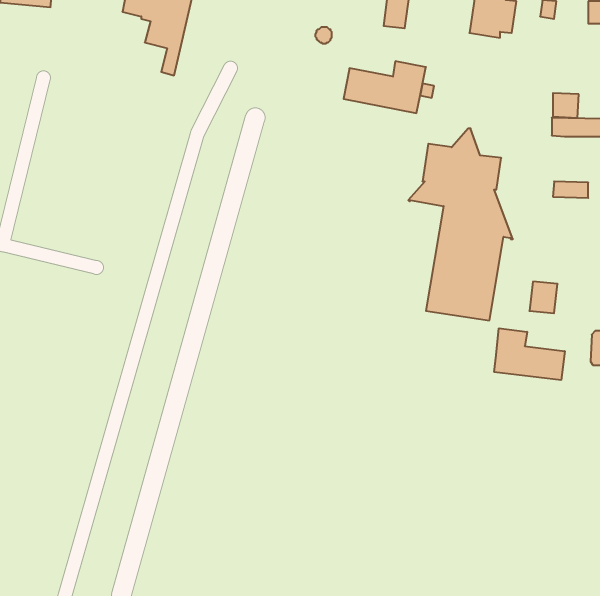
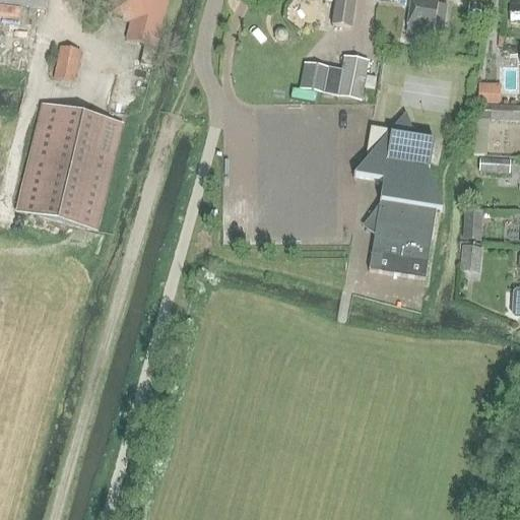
building: none -> [54,44,80,79]
building: none -> [16,102,123,228]
building: none -> [463,207,483,239]
building: [494,328,565,380] -> none

